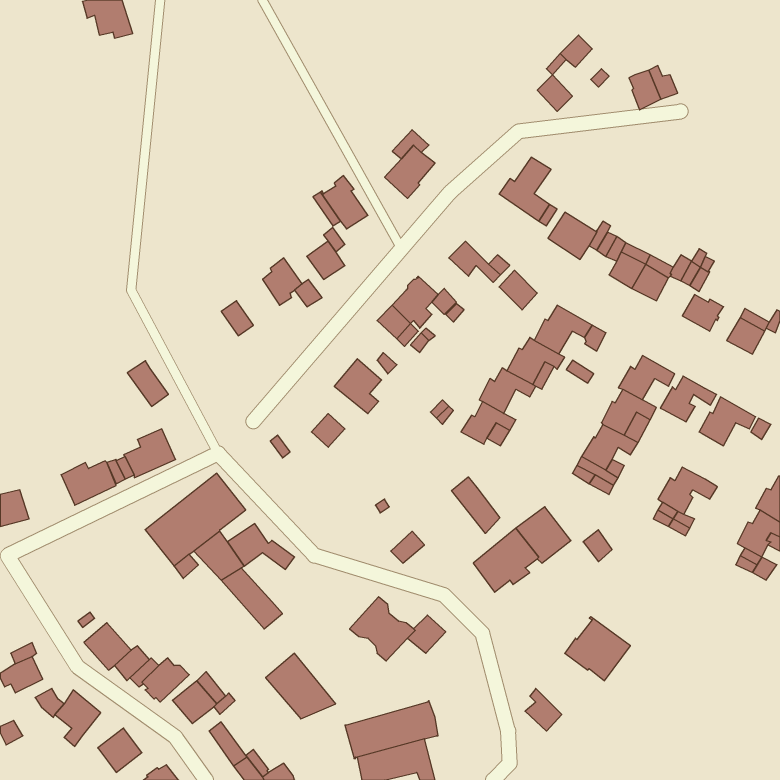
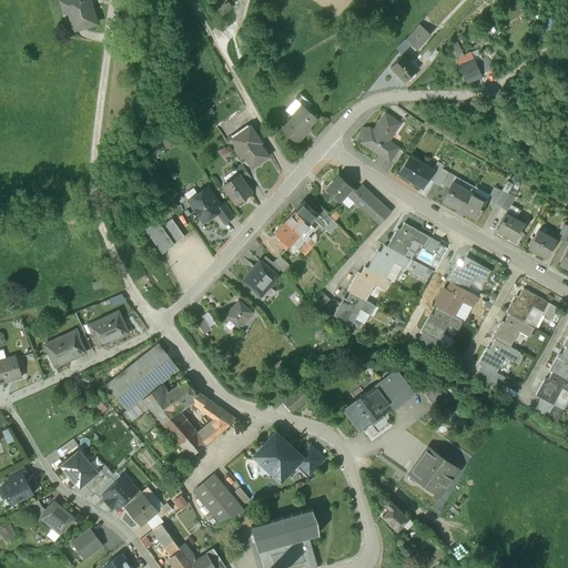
building: [127,361,168,406] -> [144,221,174,254]
building: [660,376,717,422] -> [494,315,535,348]
building: [452,477,500,533] -> none
building: none -> [197,405,235,446]

